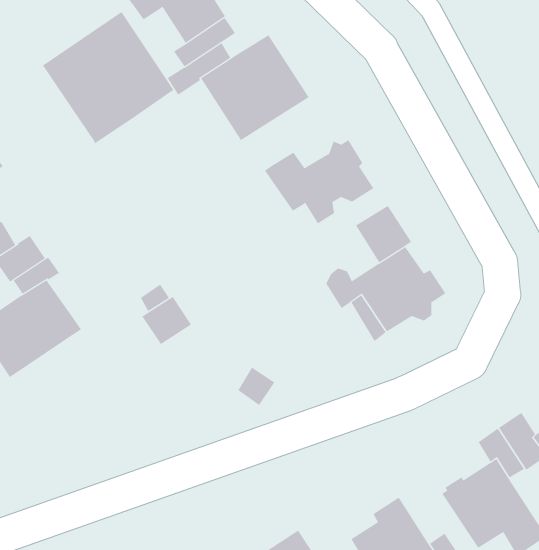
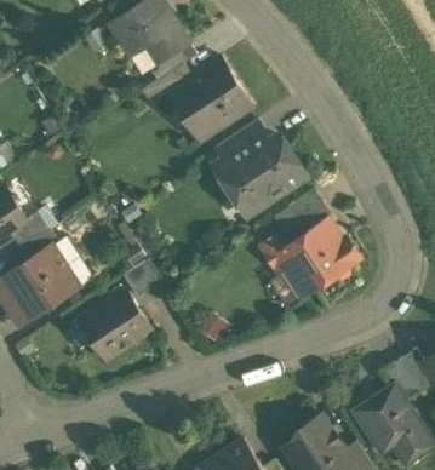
building: [42,11,174,144] -> none
building: none -> [214,121,270,161]
building: none -> [78,292,149,362]

